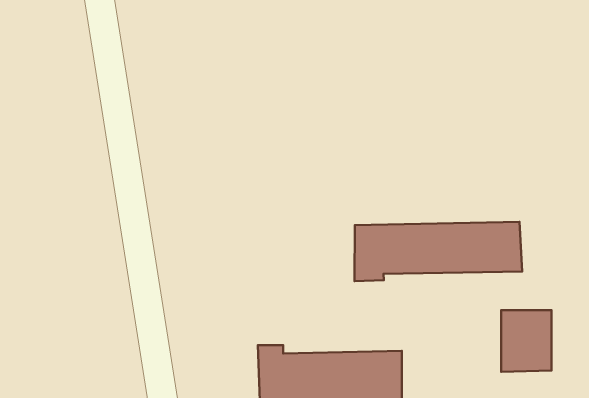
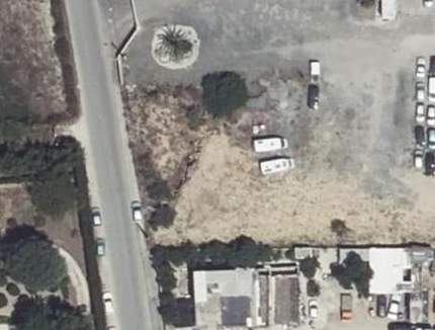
building: [354,222,522,281] -> none

